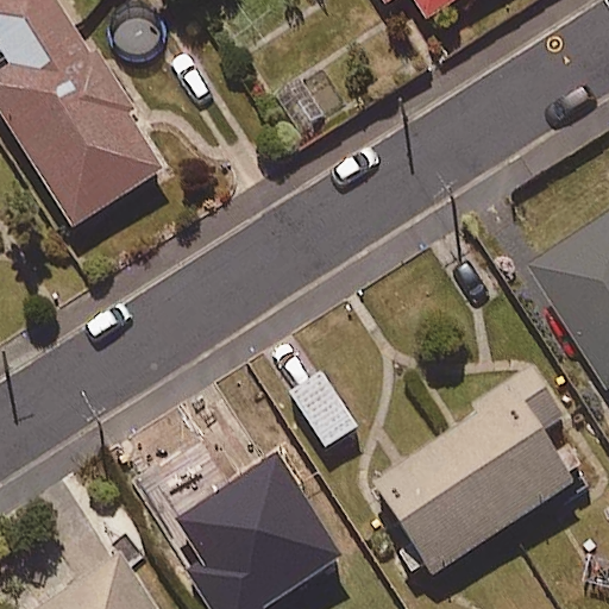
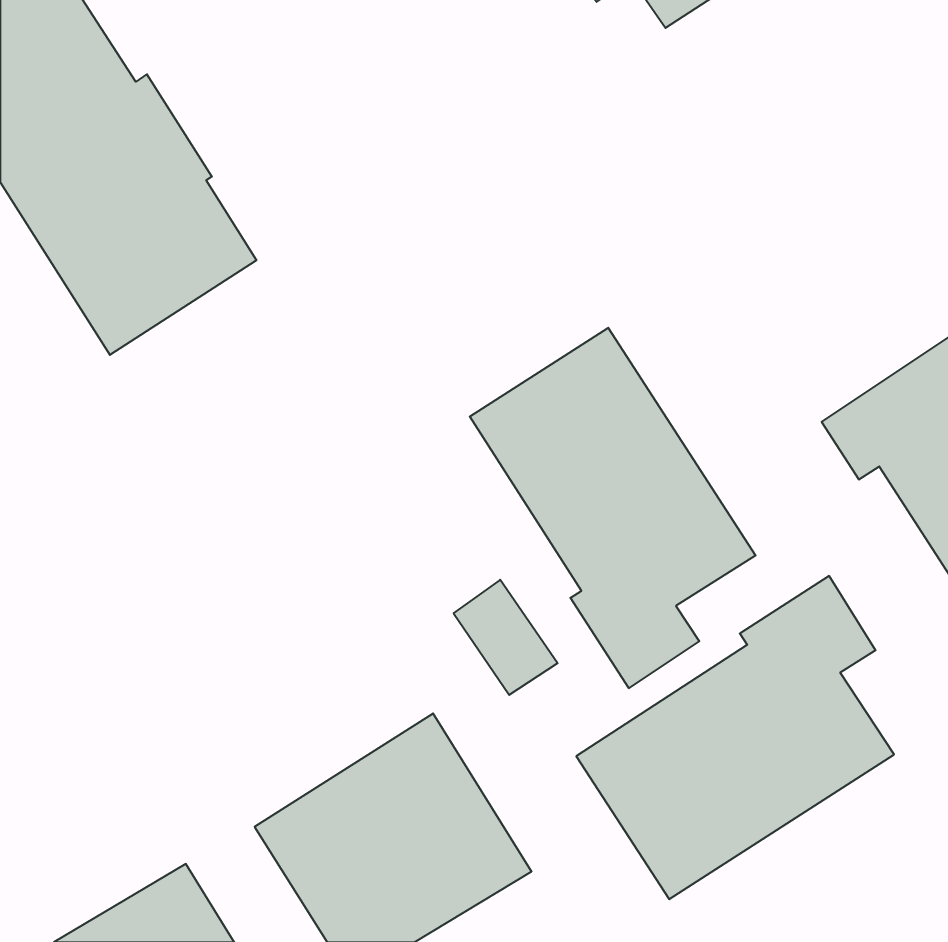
building: none -> [470,328,756,688]

